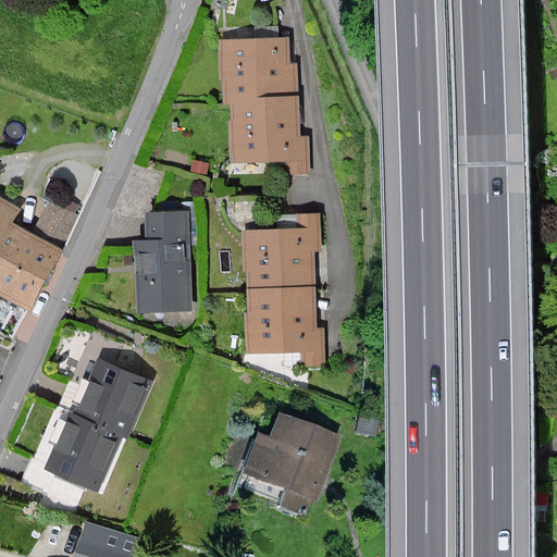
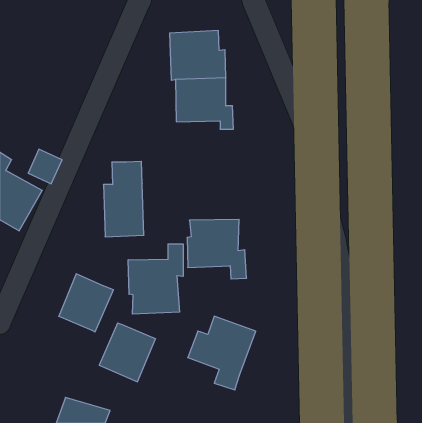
building: [245,214,320,289] -> none
building: none -> [128,244,183,314]
building: [47,413,121,491] -> [99,323,156,382]

